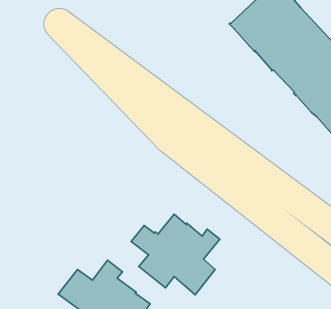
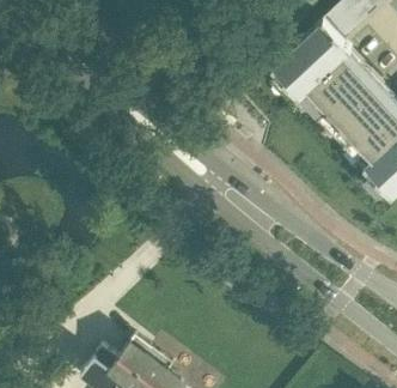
building: [131,214,220,295] -> none

